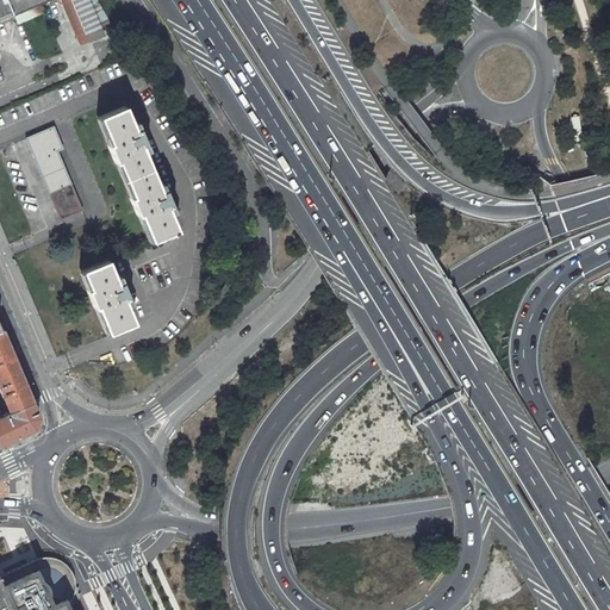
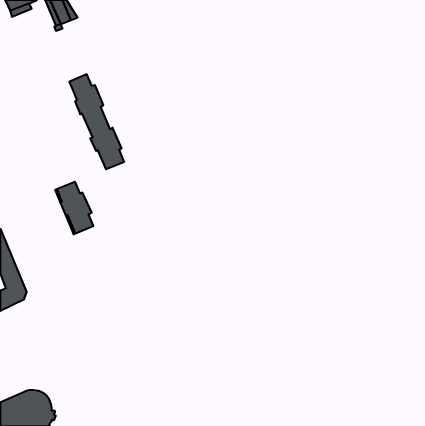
building: [27,126,83,220] -> none

